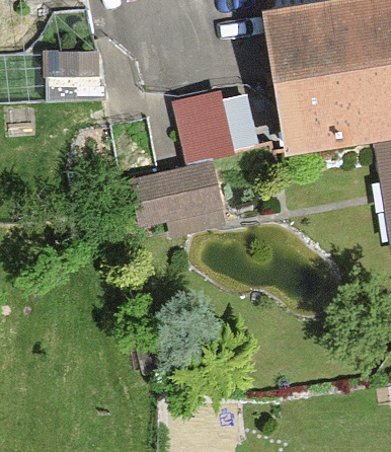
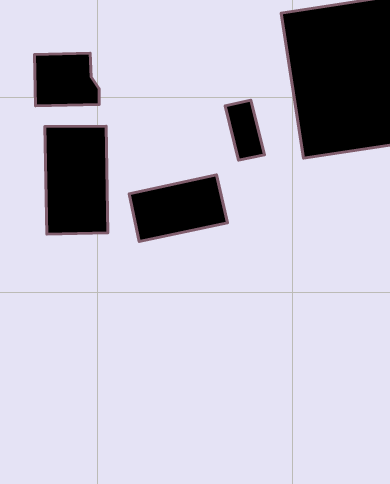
building: none -> [45,126,108,234]

